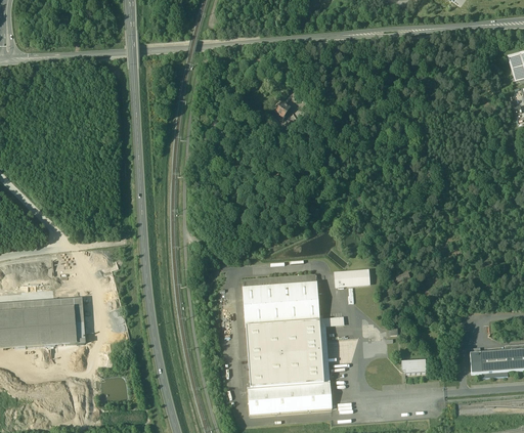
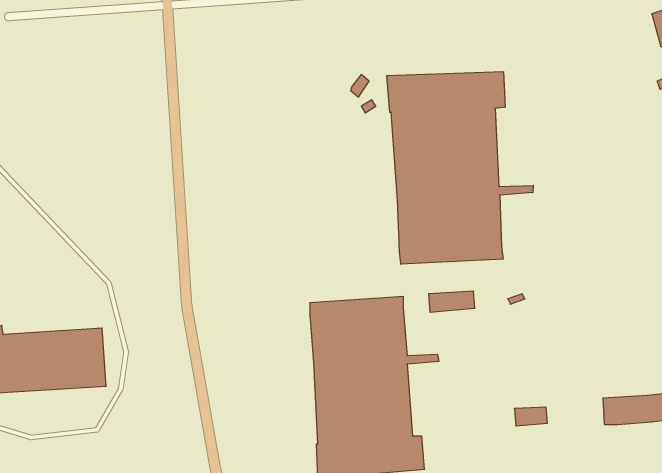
building: none -> [387,72,533,264]

